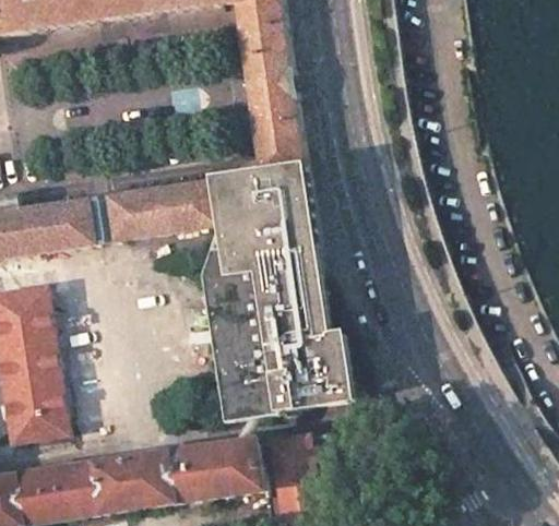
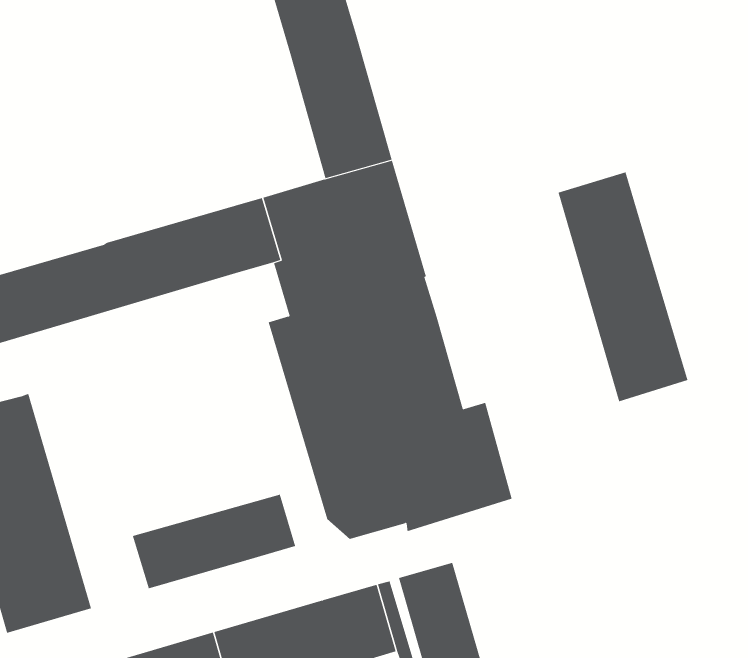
building: none -> [558,171,688,402]
building: none -> [132,494,296,589]

